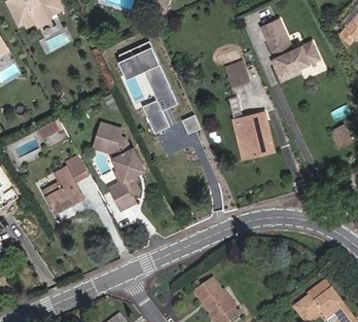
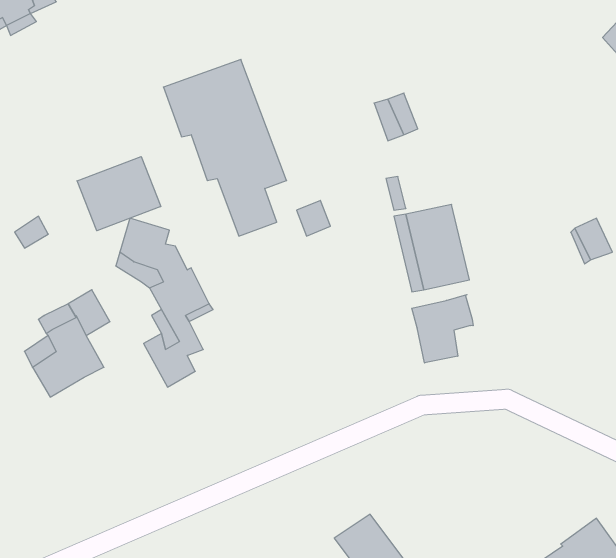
building: [262,20,320,77] -> none
building: none -> [77,157,161,231]
building: none -> [412,295,473,363]

